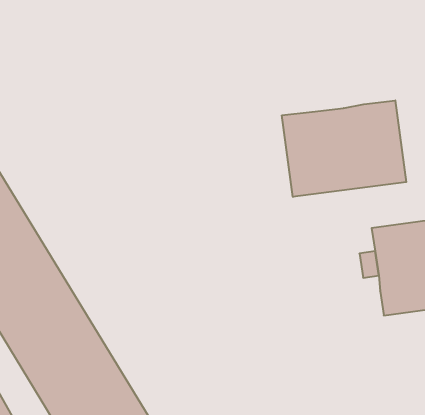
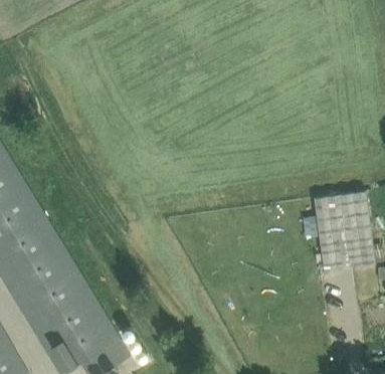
building: [282,100,406,197] -> none

